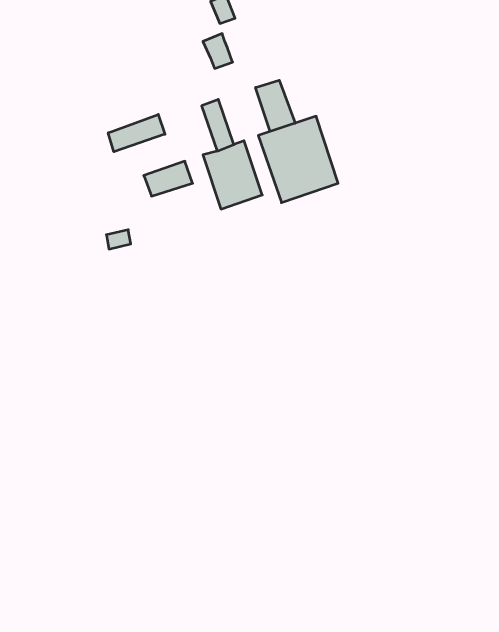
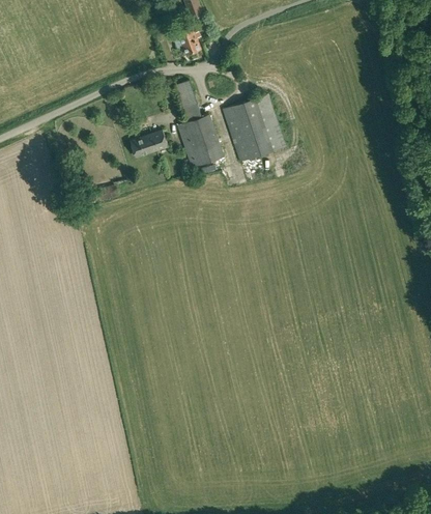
building: [256,80,295,131] -> none
building: [108,114,165,152] -> none

